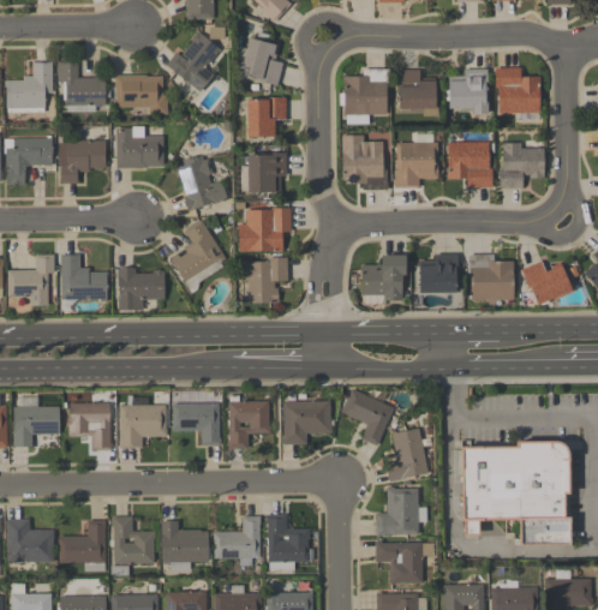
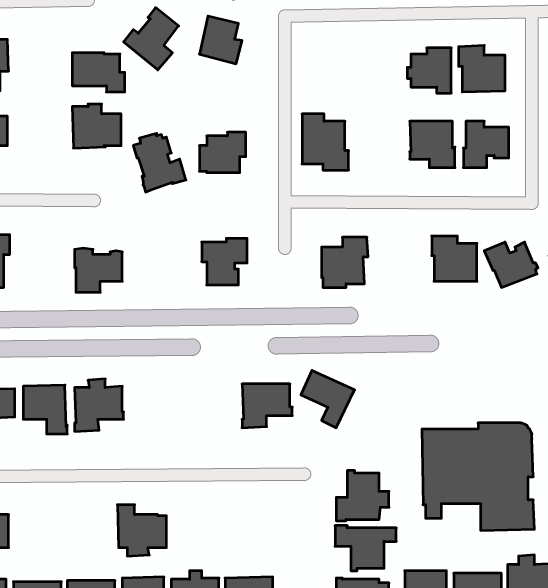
building: [59,61,107,112] -> none
building: [341,71,389,125] -> none
building: [396,71,438,118] -> none
building: [247,98,287,138] -> none
building: [60,140,106,184] -> none
building: [395,143,438,189] -> none
building: [239,209,292,253] -> none
building: [172,220,227,294] -> none
building: [62,255,108,303] -> none
building: [419,255,459,294] -> none
building: [227,394,271,448] -> none
building: [172,402,221,445] -> none
building: [385,427,429,482] -> none
building: [265,513,310,569] -> none
building: [112,516,155,563] -> none
building: [214,516,261,566] -> none
building: [59,520,106,572] -> none

